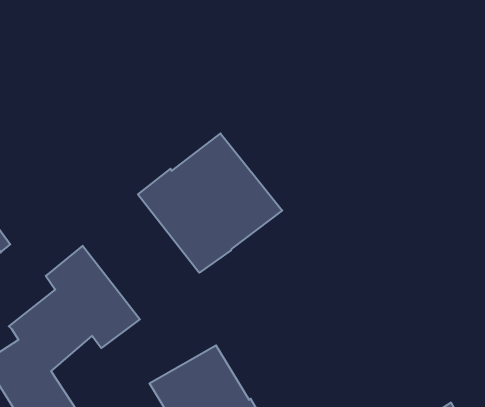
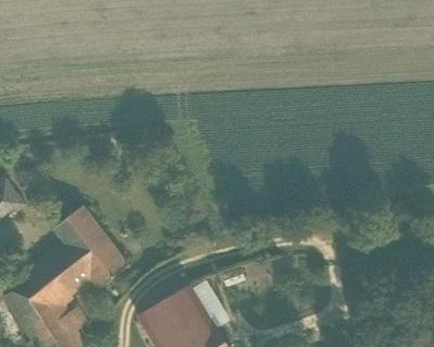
building: [138,133,282,273] -> none

